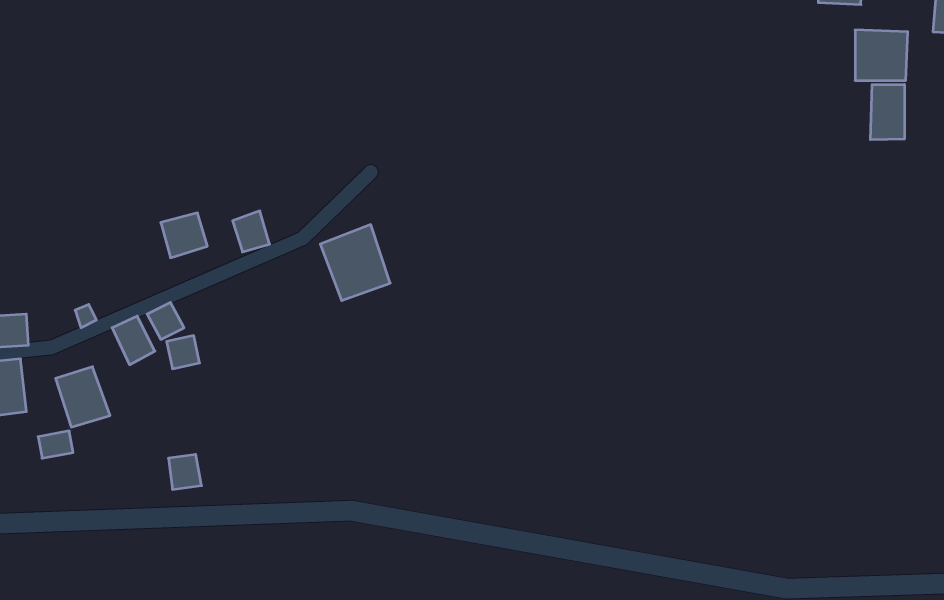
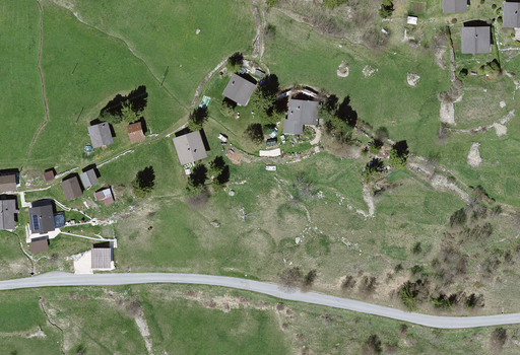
building: [870,84,904,140] -> none
building: none -> [214,73,250,108]
building: none -> [274,97,314,135]

